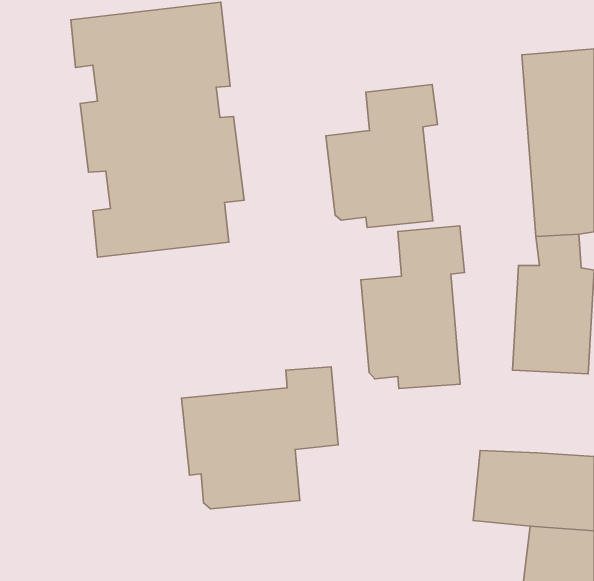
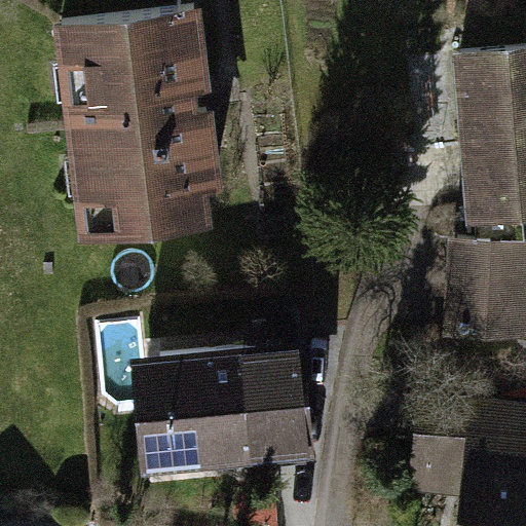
building: [326,84,438,227] -> none
building: [361,226,465,388] -> none

